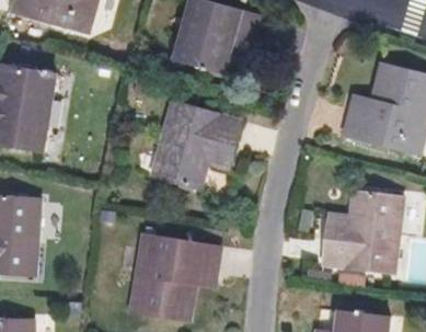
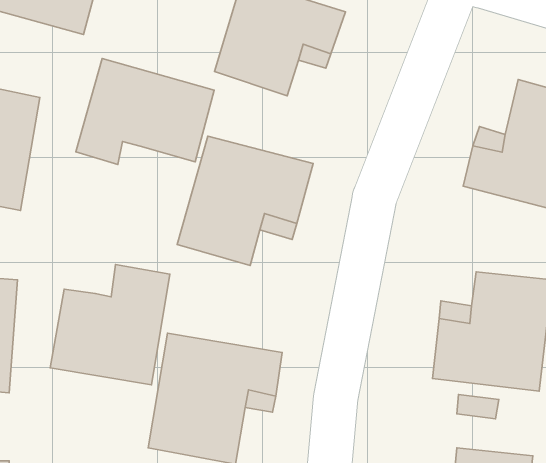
building: none -> [76,59,214,165]
building: none -> [50,265,170,385]

